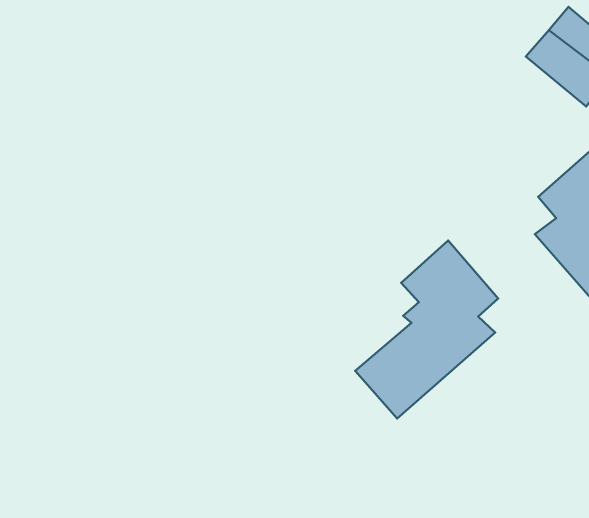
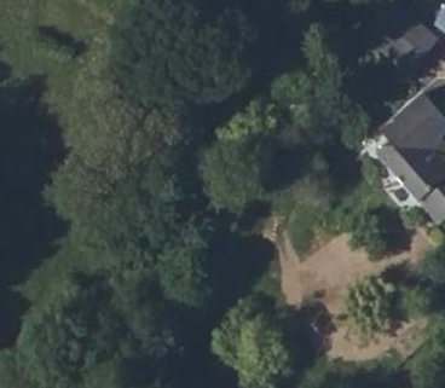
building: [355,241,498,418] -> none

